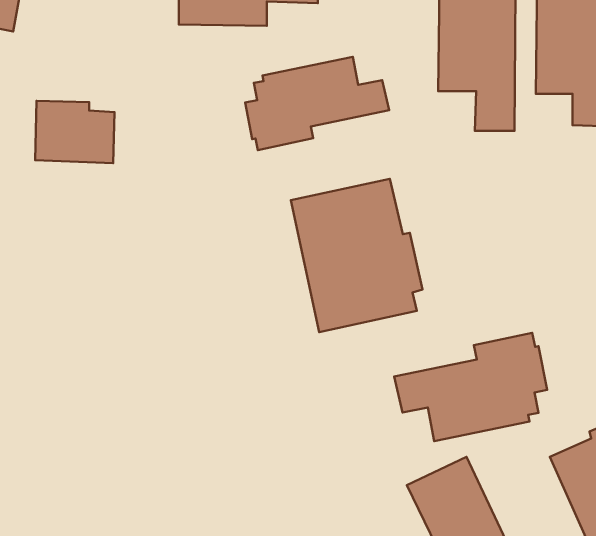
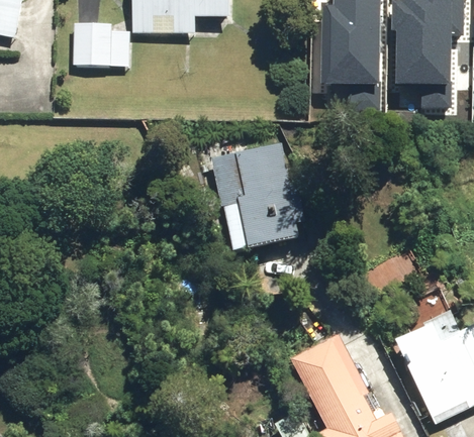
building: [245,57,389,150] -> none
building: [35,101,114,163] -> [74,23,130,68]
building: [394,333,547,441] -> none

